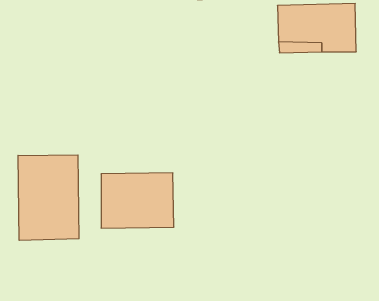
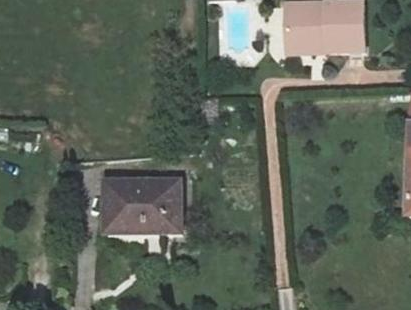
building: [18,155,79,240] -> none

